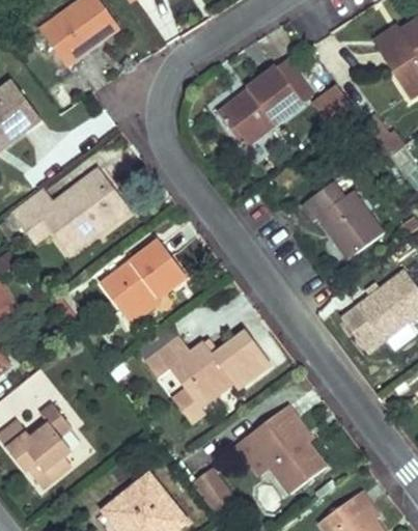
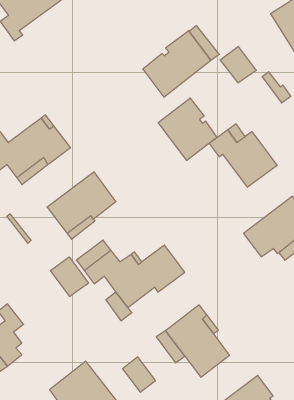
building: none -> [158,98,217,161]
building: none -> [50,257,89,297]

